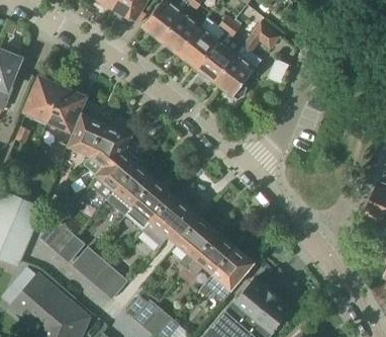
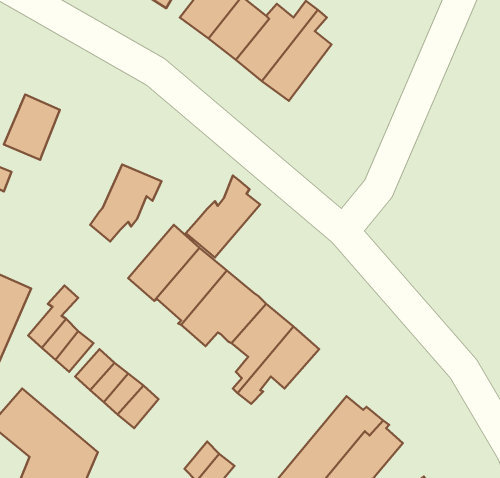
building: [215,21,280,99] -> none
building: [50,88,84,131] -> none
building: [69,115,104,156] -> none
building: [89,146,138,200] -> [186,176,260,257]
building: [199,248,254,299] -> none
building: [126,296,161,328] -> none

